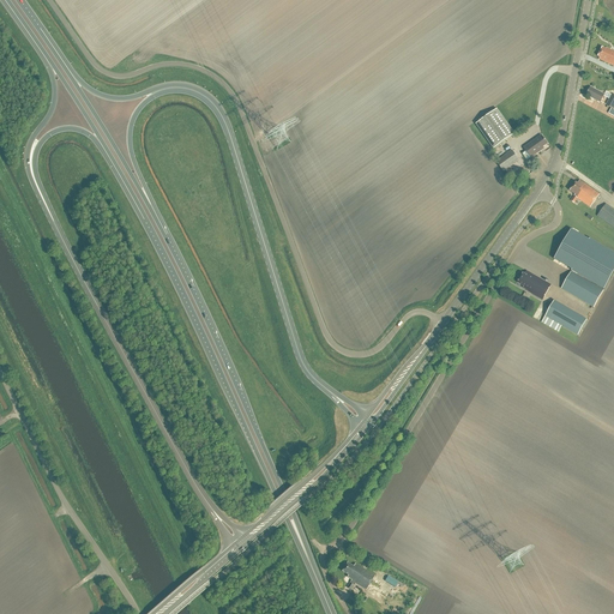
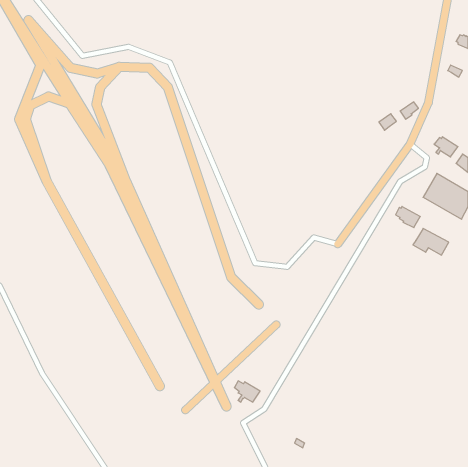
building: [475,107,513,148] -> none
building: [560,269,603,306] -> none
building: [341,560,374,588] -> [234,381,260,402]

